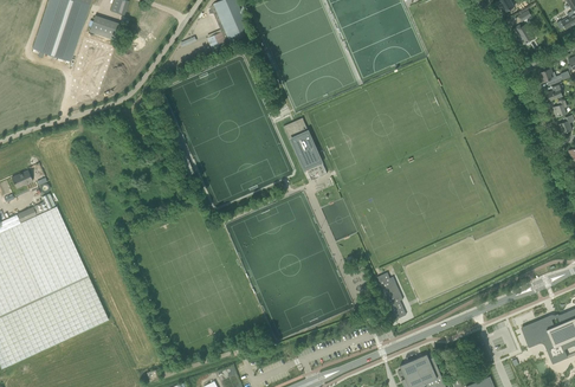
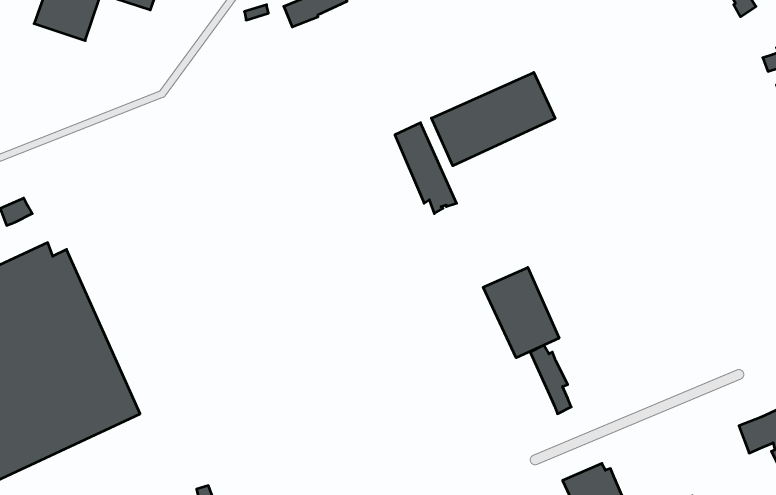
building: none -> [431,72,555,166]
building: none -> [483,267,559,358]

